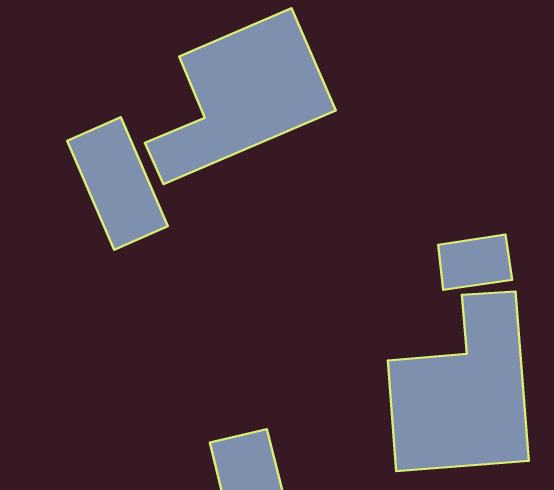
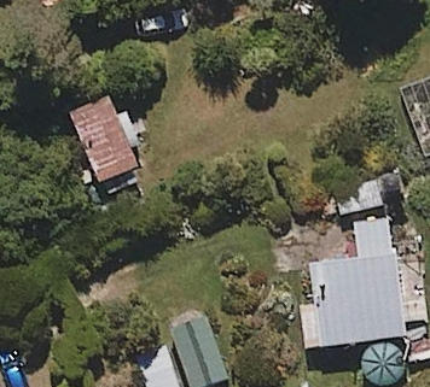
building: [145,8,336,184] -> none

